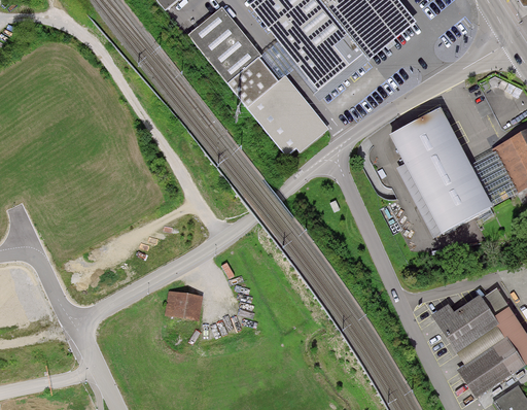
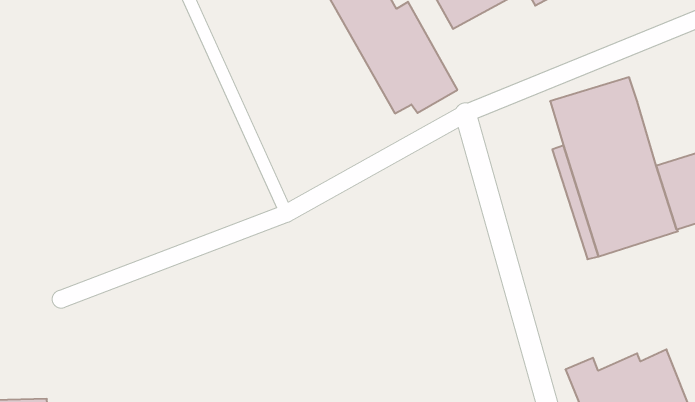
building: [165,289,204,322] -> none

